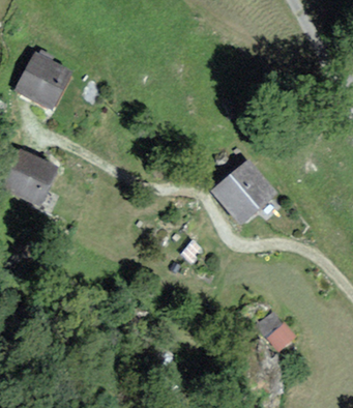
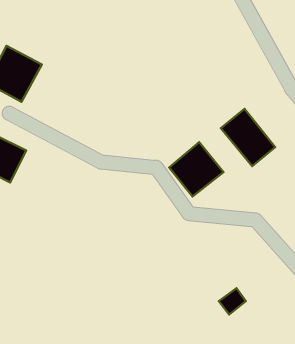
building: none -> [221,109,275,166]

